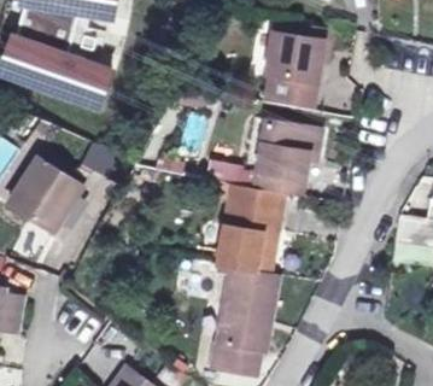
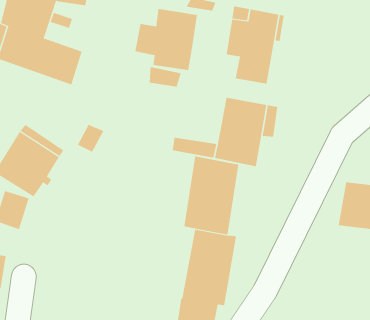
building: none -> [135,8,198,71]

